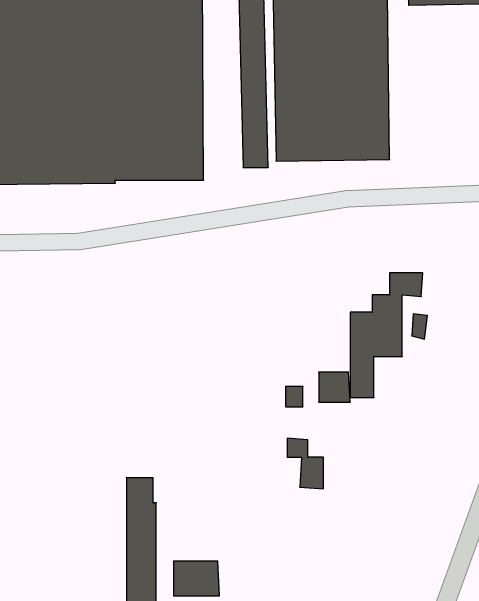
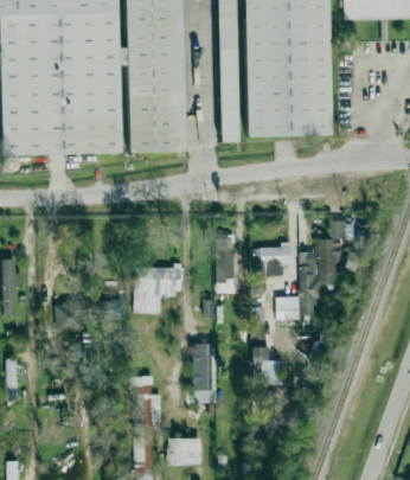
building: none -> [216,238,235,281]
building: none -> [254,247,293,276]
building: none -> [134,265,181,313]
building: none -> [56,300,127,331]
building: none -> [193,343,217,403]

